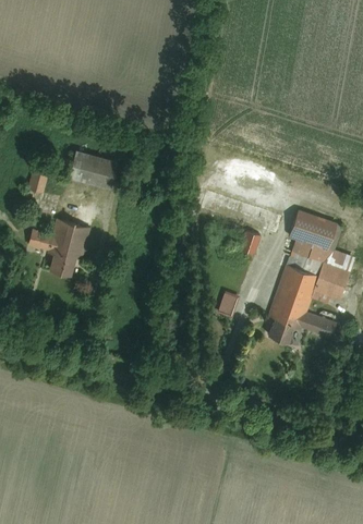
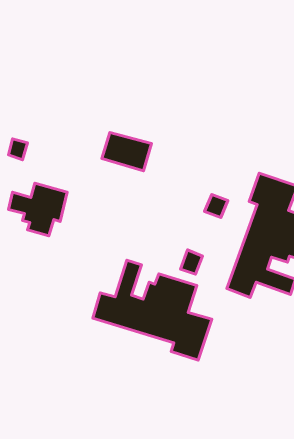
building: [65,148,119,190] -> [102,132,151,171]
building: none -> [93,260,212,360]

